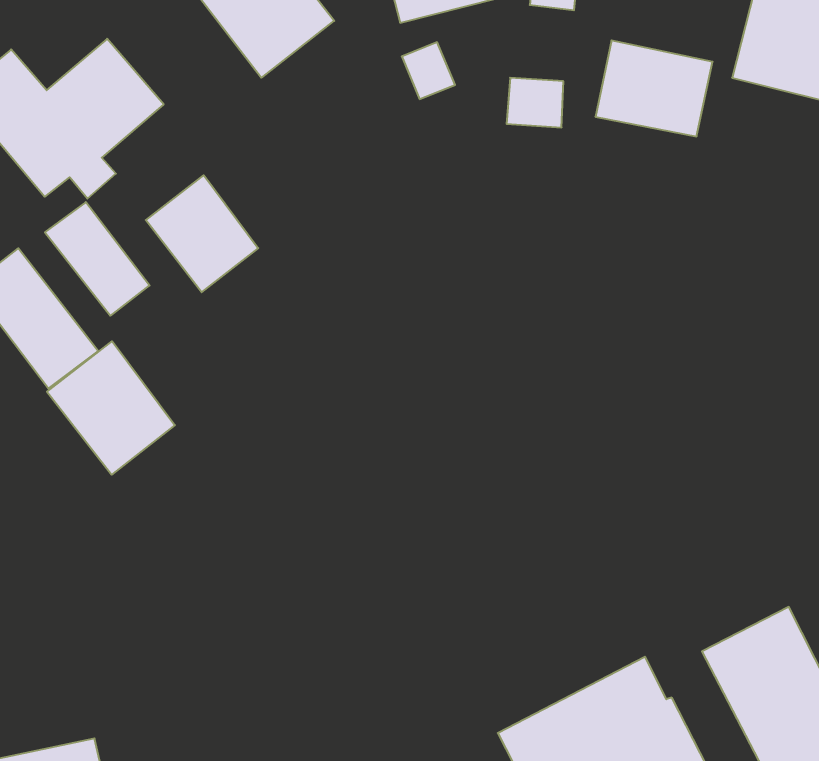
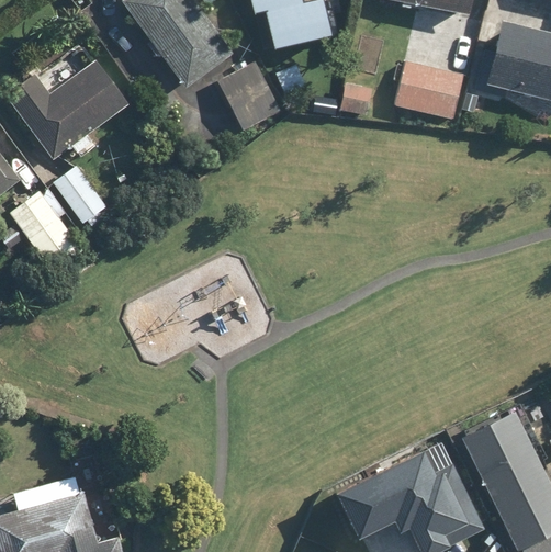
building: none -> [217,61,281,132]
building: [146,175,258,292] -> none
building: [47,341,175,475] -> none

